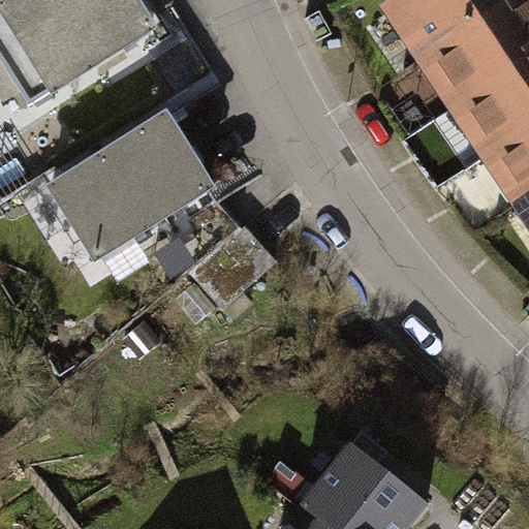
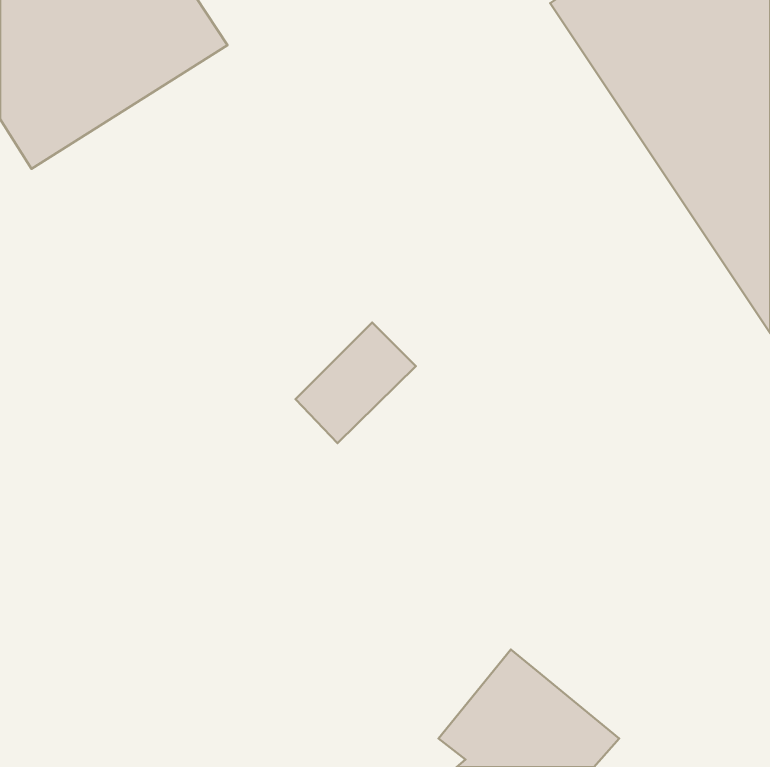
building: [29,103,222,281] -> none

